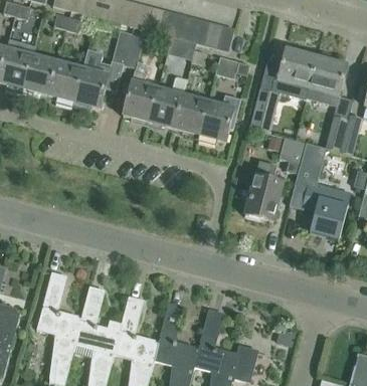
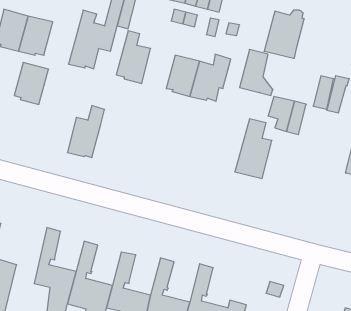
building: [307,51,346,102] -> none
building: [48,60,83,104] -> [14,62,49,104]
building: [149,75,187,129] -> [67,106,105,158]
building: [305,181,351,239] -> none

